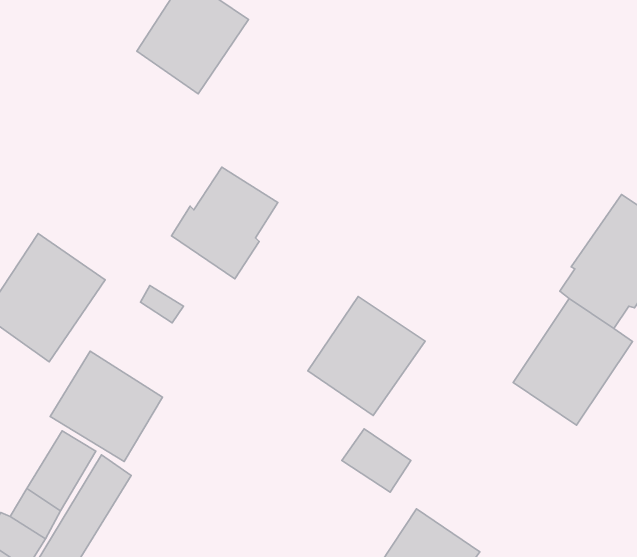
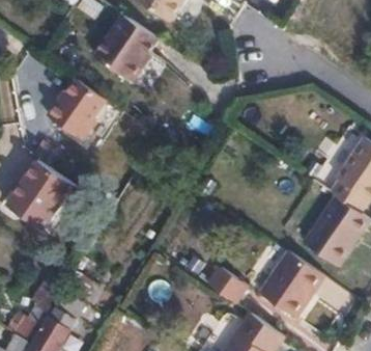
building: [172,167,278,279] -> [47,80,106,142]
building: [308,297,425,416] -> [258,251,323,318]
building: [50,351,162,462] -> none

